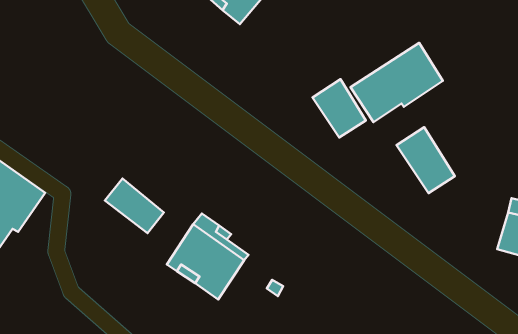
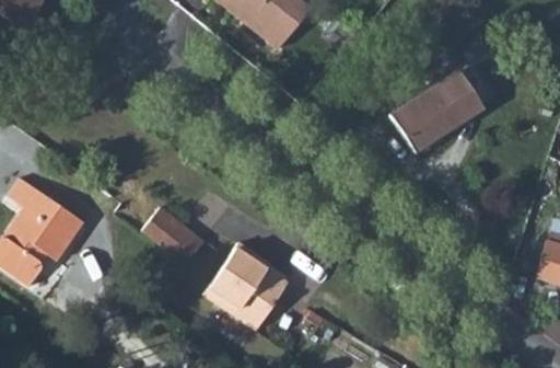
building: [312,79,366,138] -> none
building: [397,127,455,193] -> none

